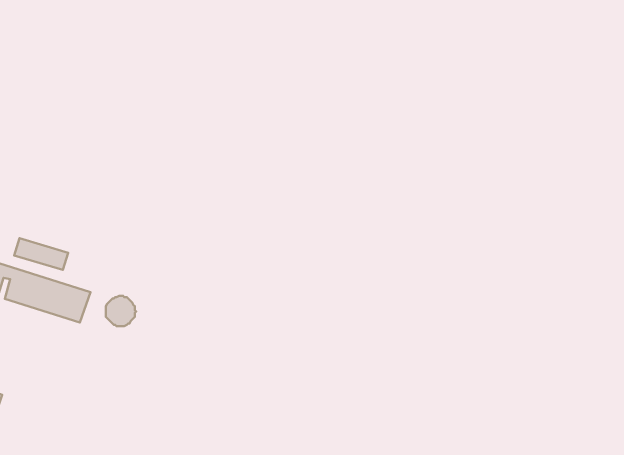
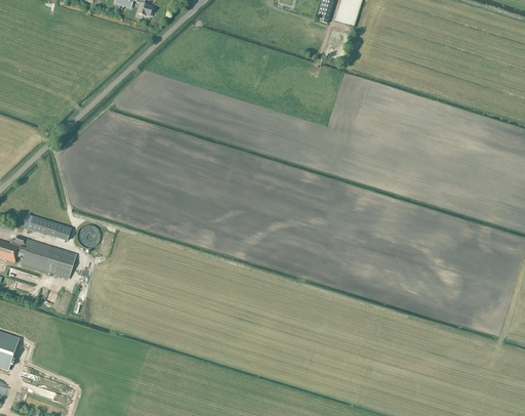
building: [106,296,136,326] -> [77,224,100,248]

